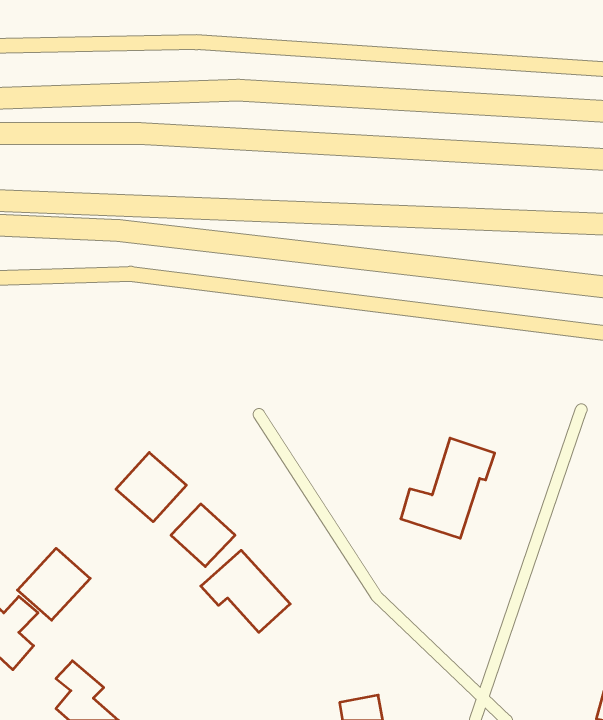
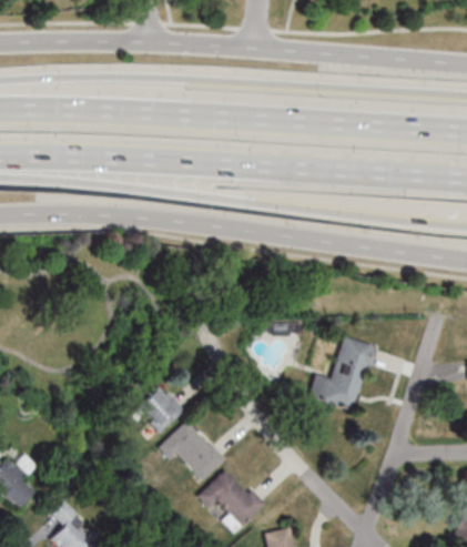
building: [116,452,186,522] -> none
building: [17,548,90,620] -> none
building: none -> [197,467,264,528]

